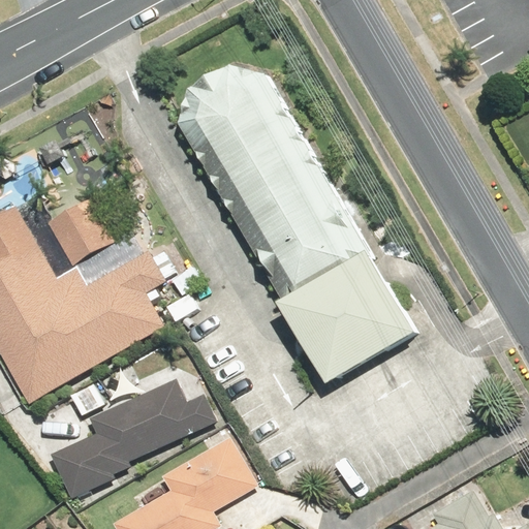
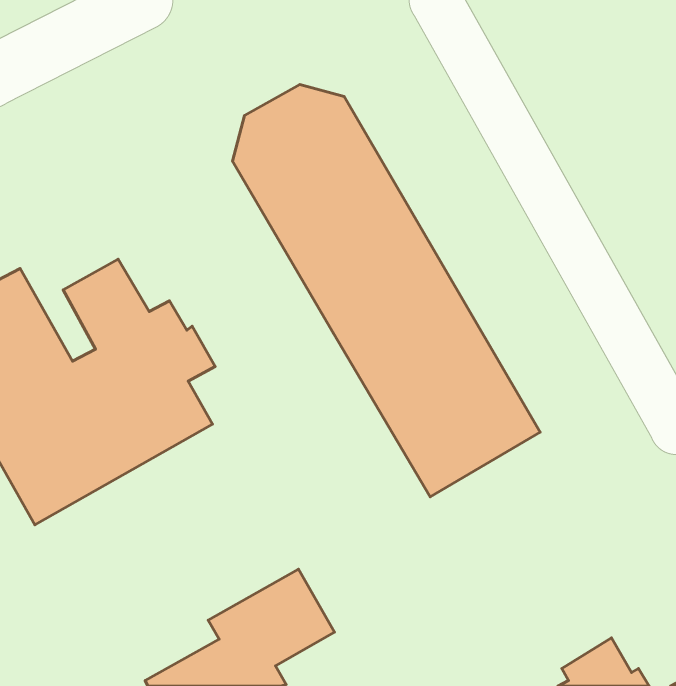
building: [48,379,215,499] -> none

